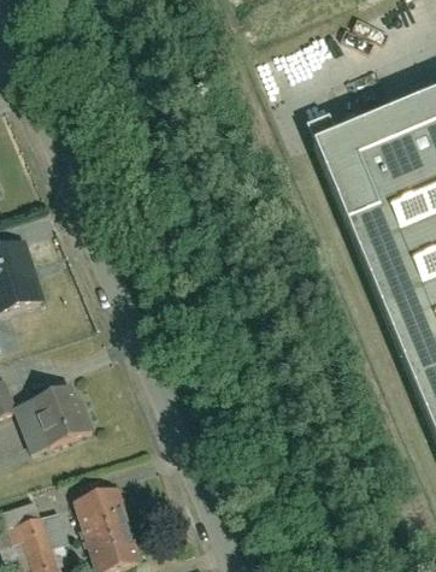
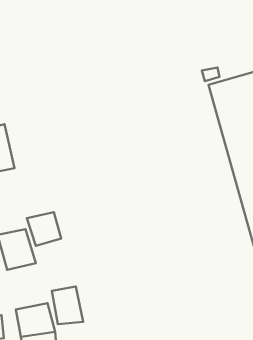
building: none -> [27,212,61,246]
building: none -> [52,287,83,324]

